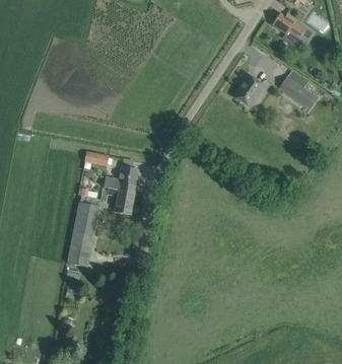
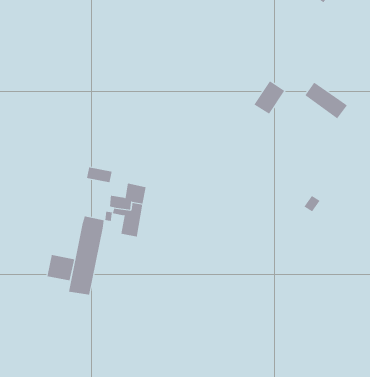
building: [272,12,304,47] -> none
building: none -> [47,254,75,281]

